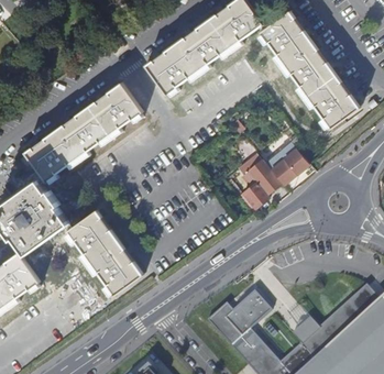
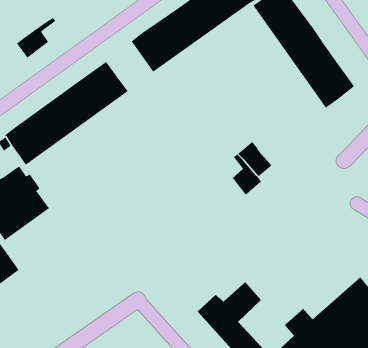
building: none -> [16,17,56,58]
building: [266,142,310,186] -> none
building: [70,209,145,293] -> none

